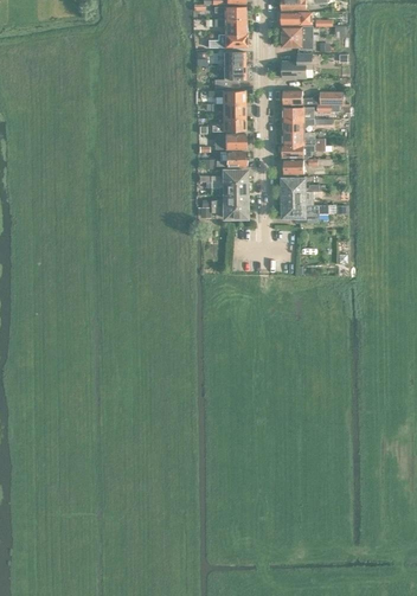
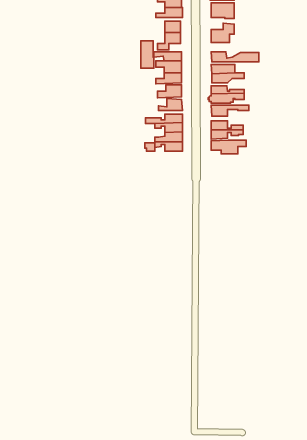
building: none -> [141,41,154,68]

